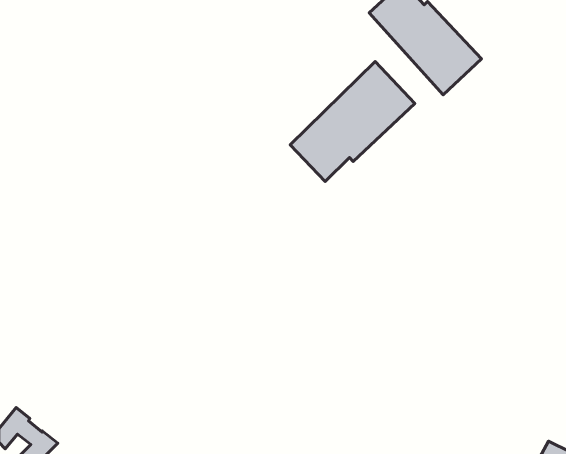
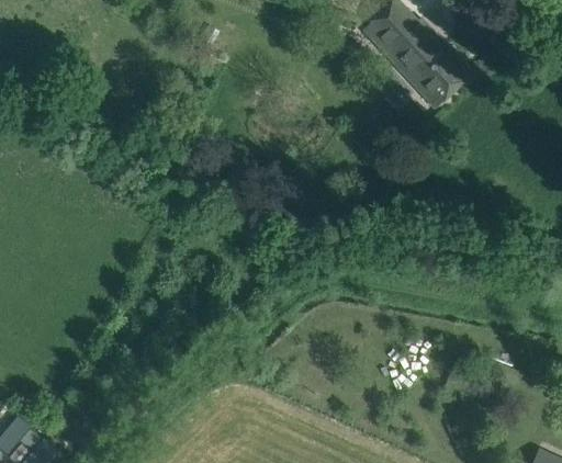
building: [290,62,415,182] -> none

